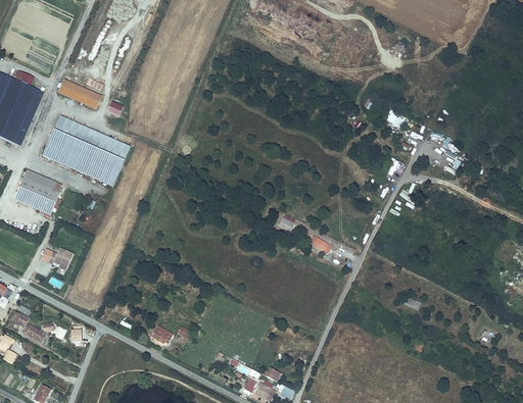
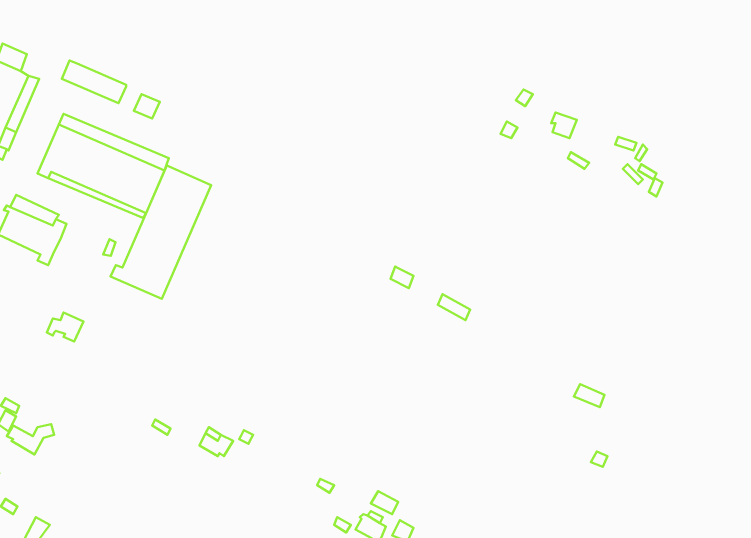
building: none -> [111,166,211,299]

